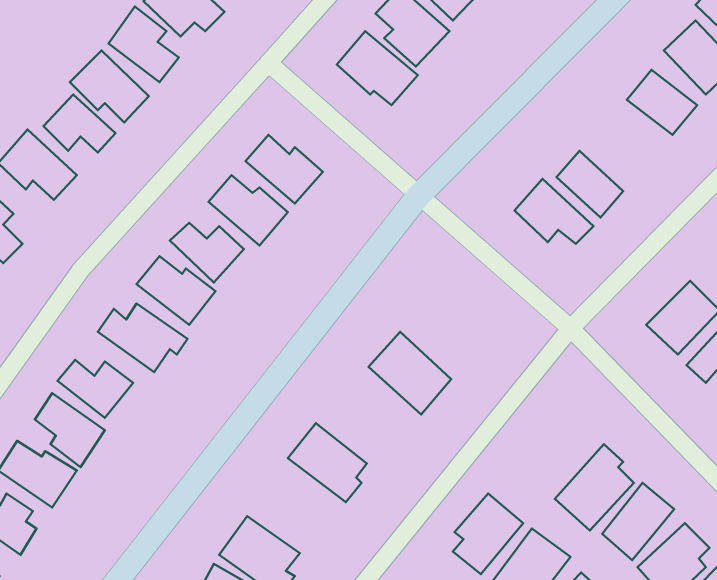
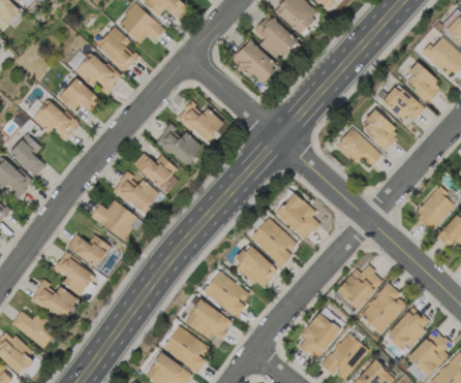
building: none -> [382,85,425,121]
building: none -> [276,194,319,240]
building: none -> [233,244,278,289]
building: none -> [337,266,383,310]
building: none -> [185,299,233,342]

